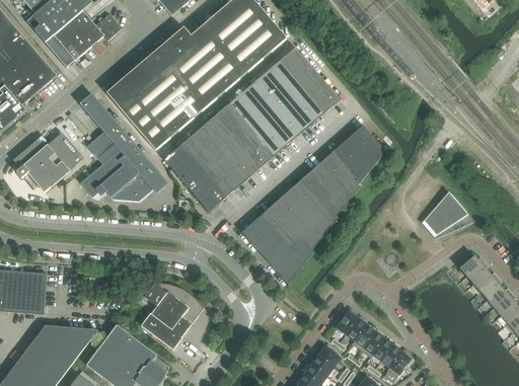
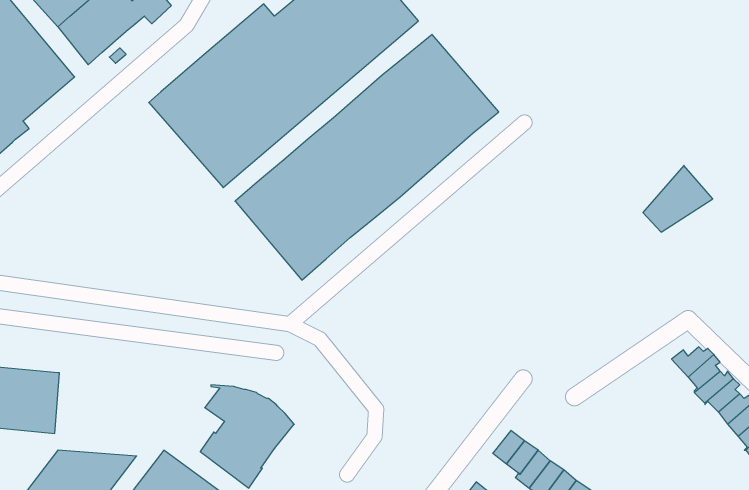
building: [79,93,164,202] -> none
building: [241,126,385,284] -> none
building: [12,133,83,191] -> none
building: [421,191,467,236] -> [643,165,713,232]

